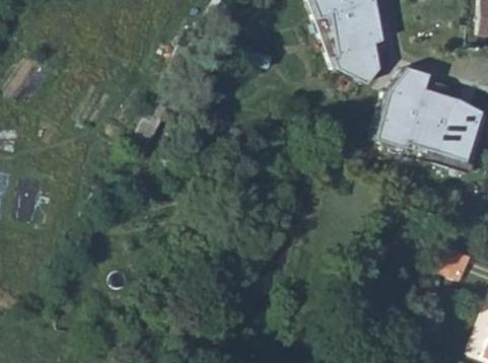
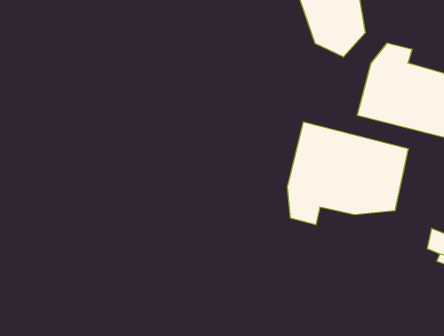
building: none -> [287,122,408,225]

